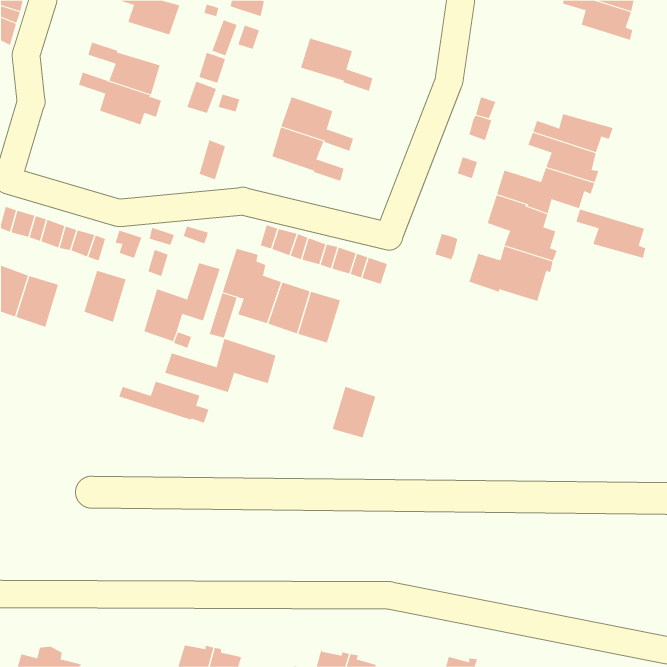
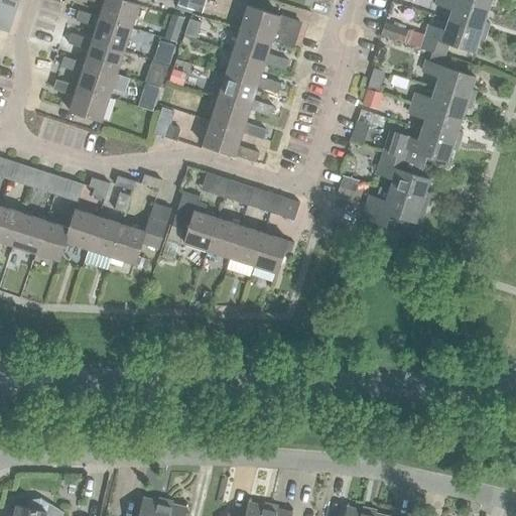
building: none -> [239,5,300,47]
building: none -> [76,10,131,50]
building: none -> [381,19,487,55]
building: none -> [225,52,281,94]
building: none -> [52,79,109,121]
building: none -> [202,121,258,162]
building: [576,209,646,258] -> [421,60,476,99]
building: none -> [88,216,121,256]
building: none -> [35,220,69,260]
building: [164,338,276,393] -> none
building: [118,381,209,423] -> none
building: [332,386,376,438] -> [253,232,287,272]

